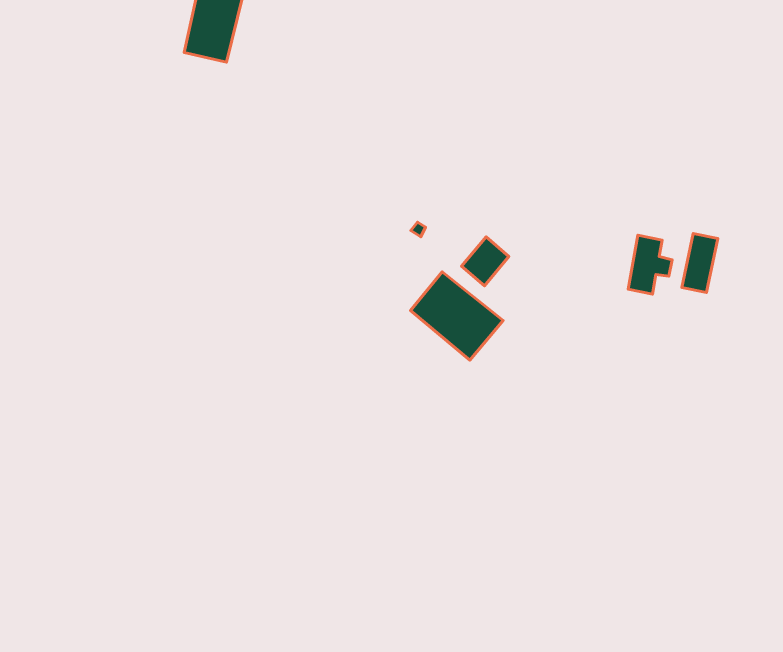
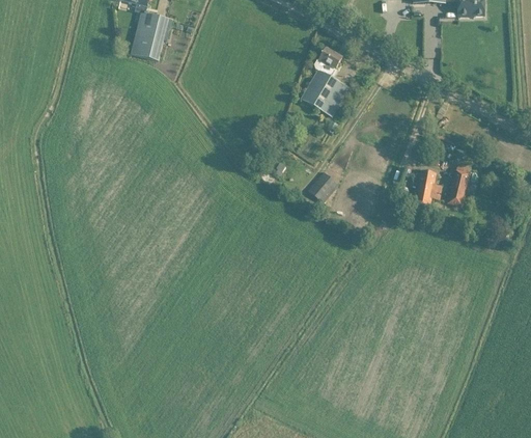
building: none -> [301,46,350,114]
building: [410,272,503,360] -> none

